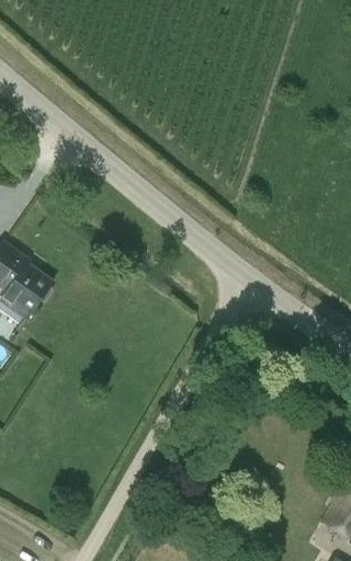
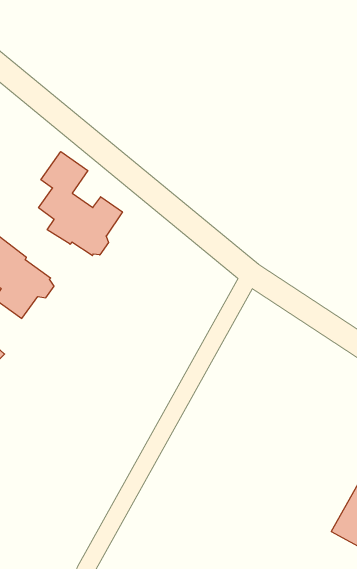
building: none -> [39,152,122,256]

